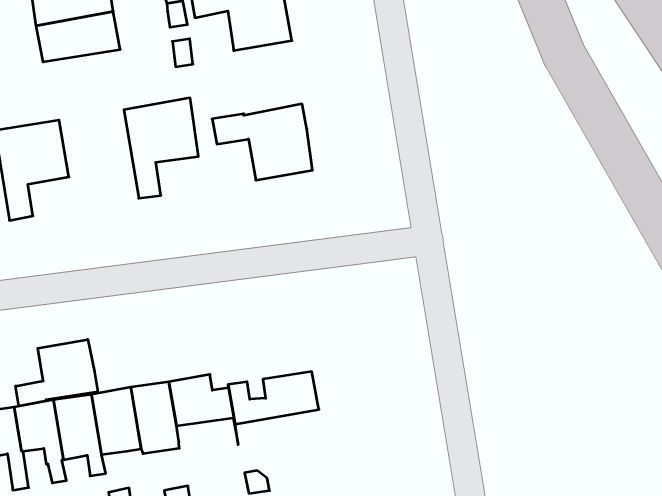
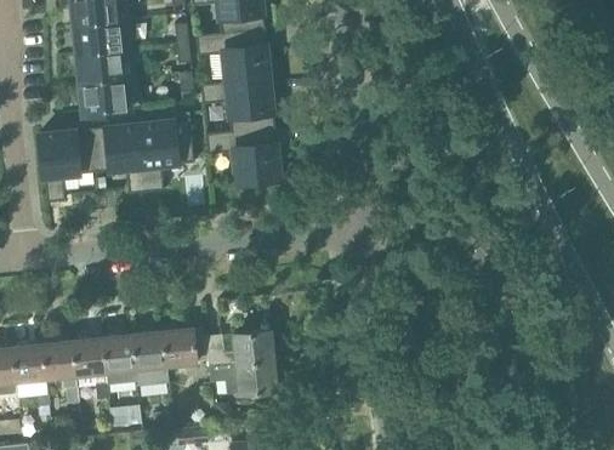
building: none -> [200,78,274,132]
building: none -> [79,76,141,114]
building: none -> [89,123,146,193]
building: [16,339,98,406] -> none
building: none -> [209,359,275,394]

